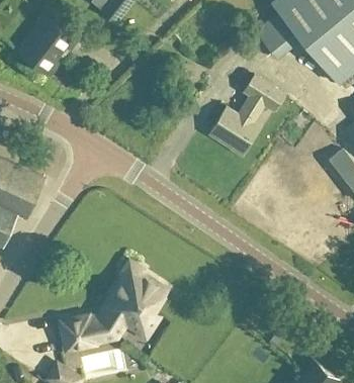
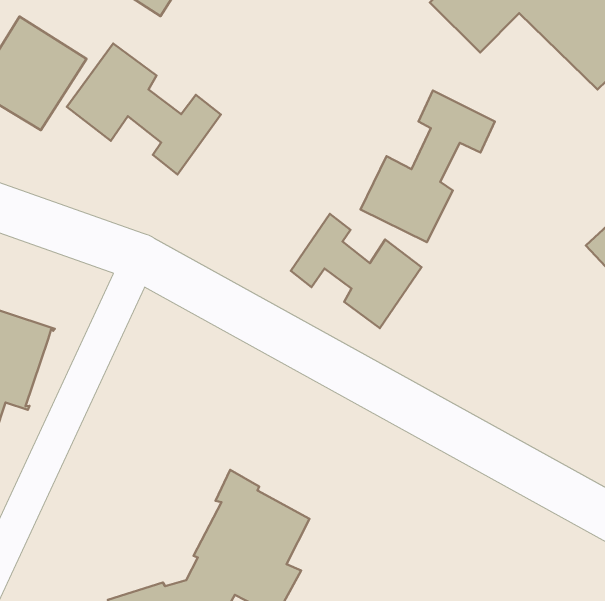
building: none -> [67,43,221,175]
building: none -> [291,214,421,328]

